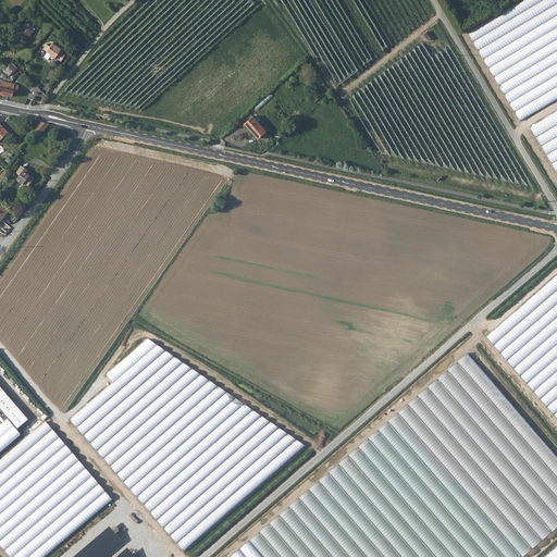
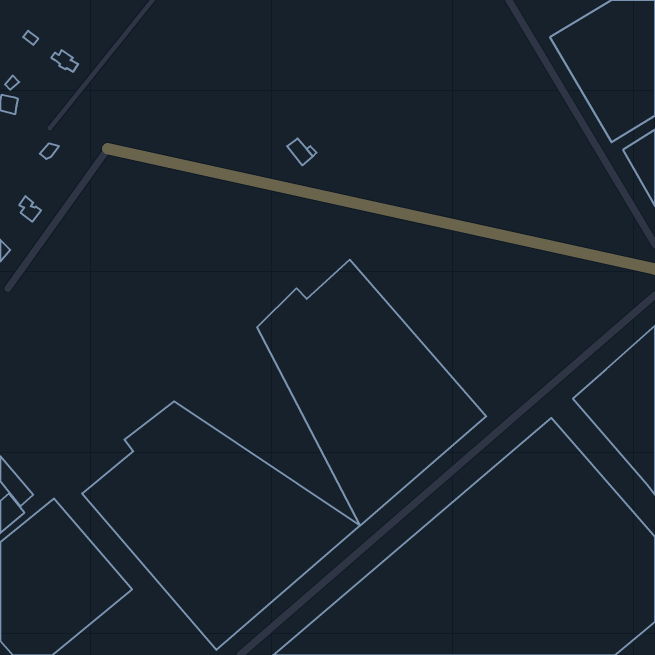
building: none -> [257,260,486,526]

